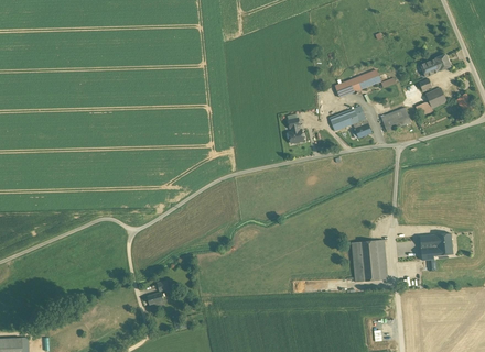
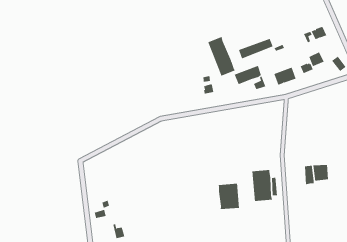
building: none -> [207,36,235,76]
building: none -> [218,183,240,210]

